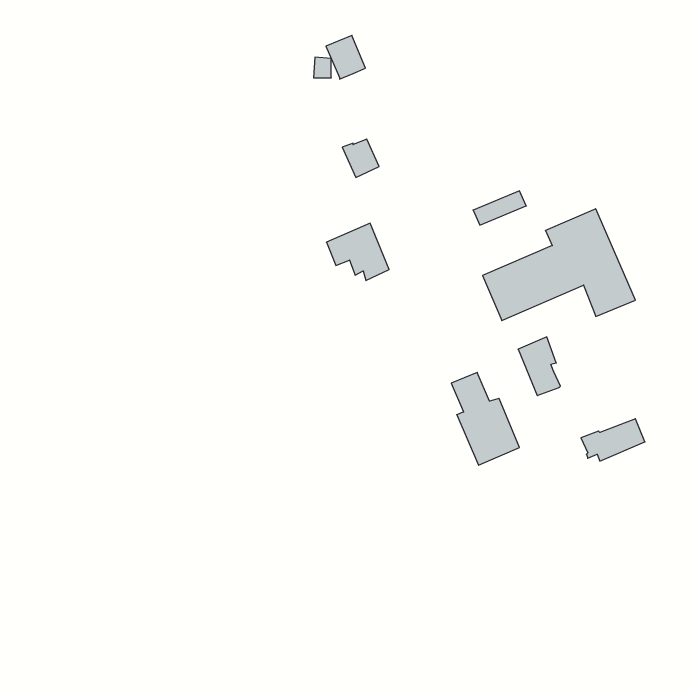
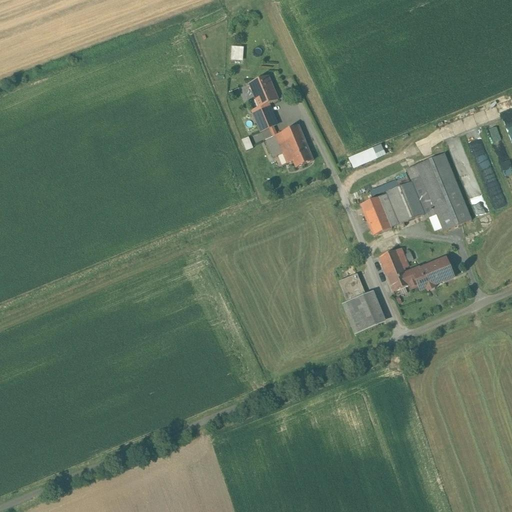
building: [326,35,365,79] -> [251,74,280,106]
building: [326,223,389,281] -> [268,124,314,166]
building: [581,419,645,461] -> [408,258,455,289]

